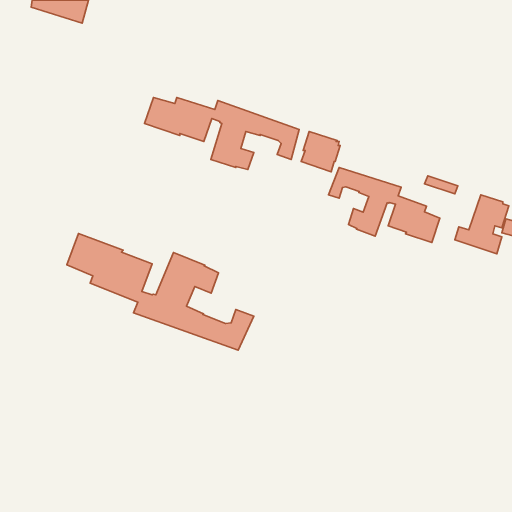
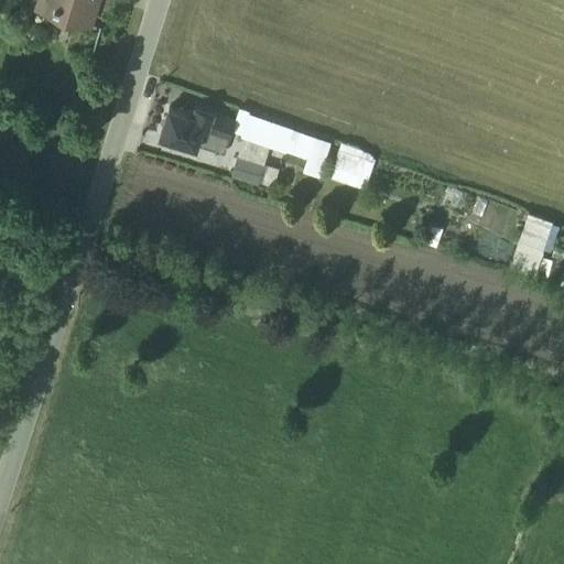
building: [328,168,440,243] -> none
building: [67,234,254,350] -> none

